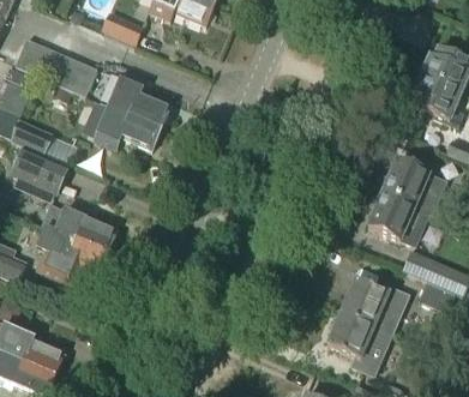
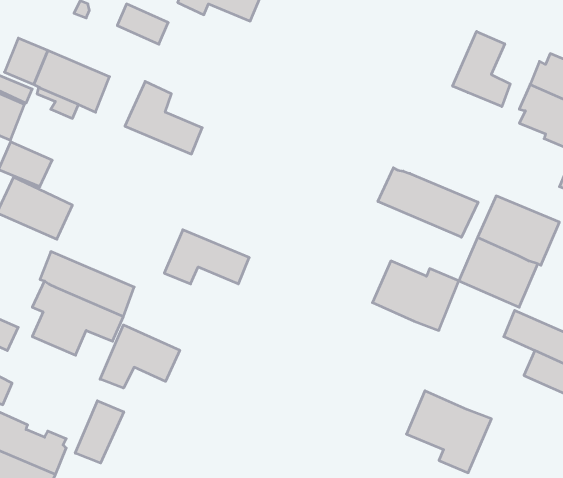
building: none -> [453,31,510,107]
building: [94,106,160,148] -> [164,230,249,284]
building: none -> [378,168,478,237]
building: none -> [100,325,180,388]
building: [341,278,408,332] -> [372,261,459,330]
building: none -> [75,401,124,463]

